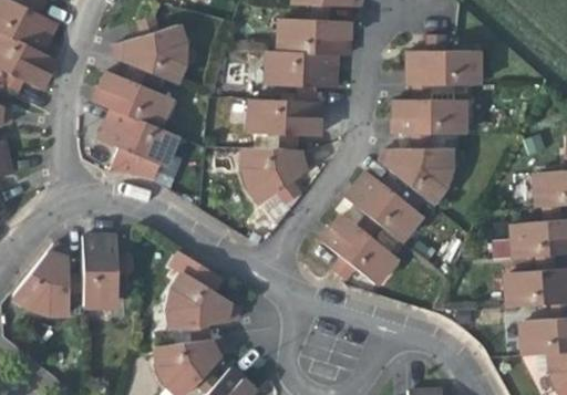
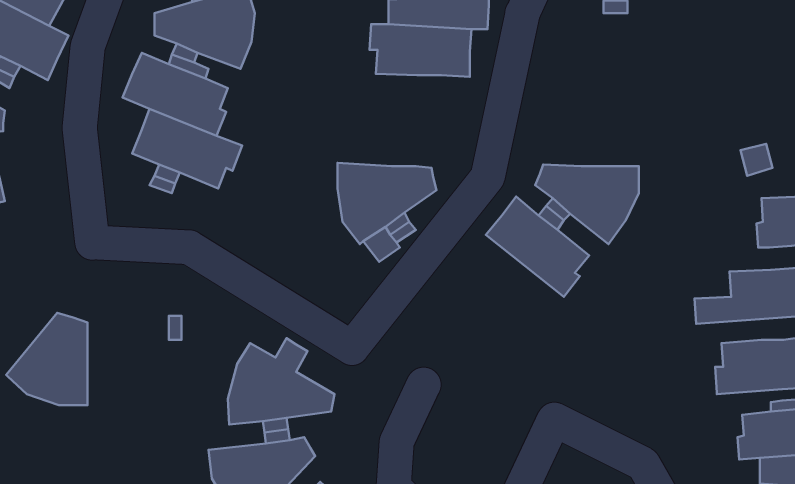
building: [408,51,477,85] -> none
building: [248,98,318,135] -> none
building: [393,100,463,133] -> none
building: [312,208,388,274] -> none
building: [83,236,116,306] -> none

